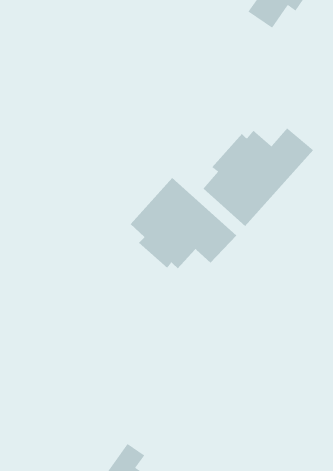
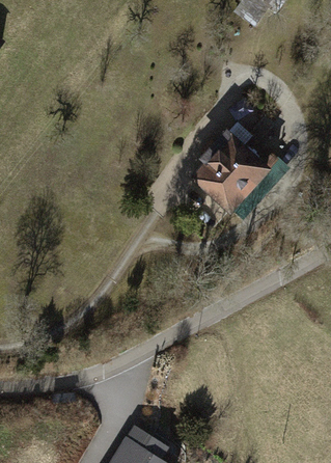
building: [130,177,237,269] -> none

